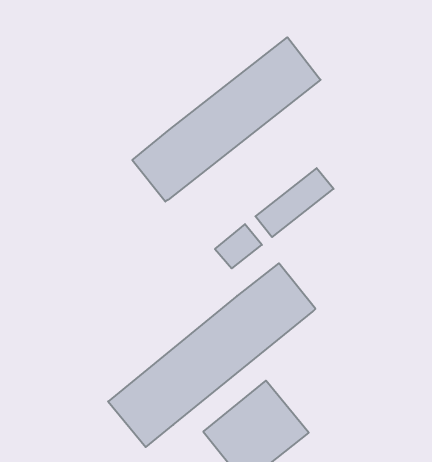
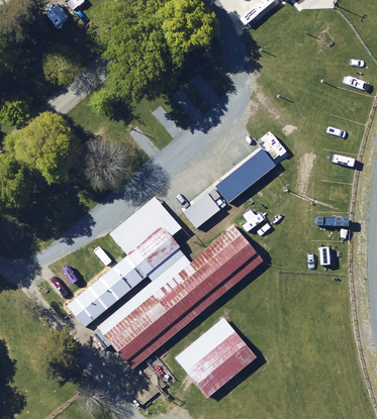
building: [132,37,321,202] -> none
building: none -> [66,192,201,332]

